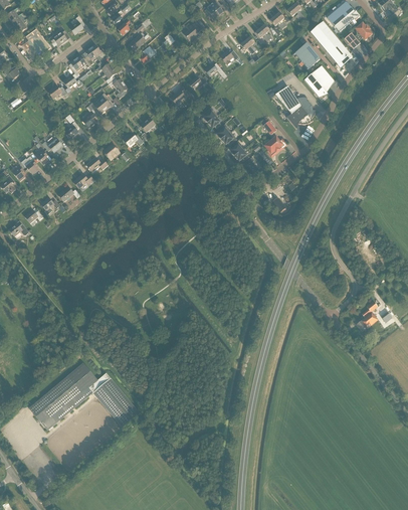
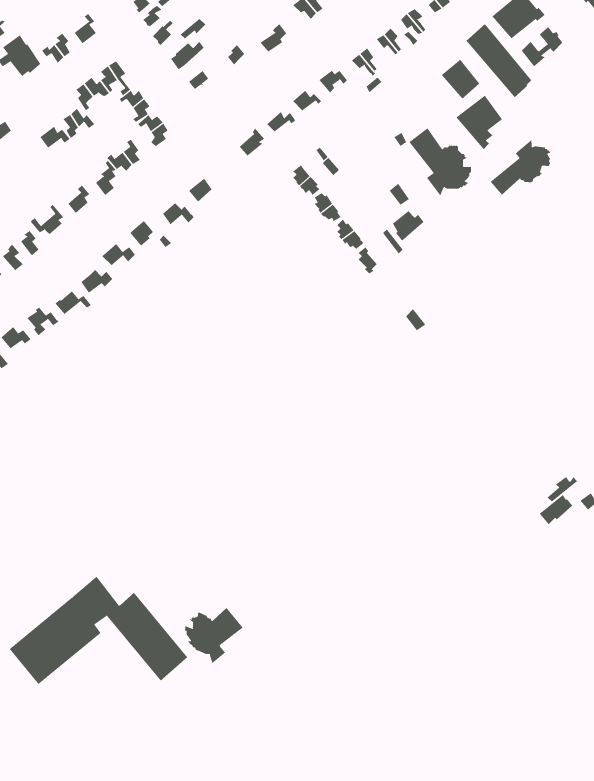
building: none -> [490,138,551,196]
building: none -> [185,607,244,665]

